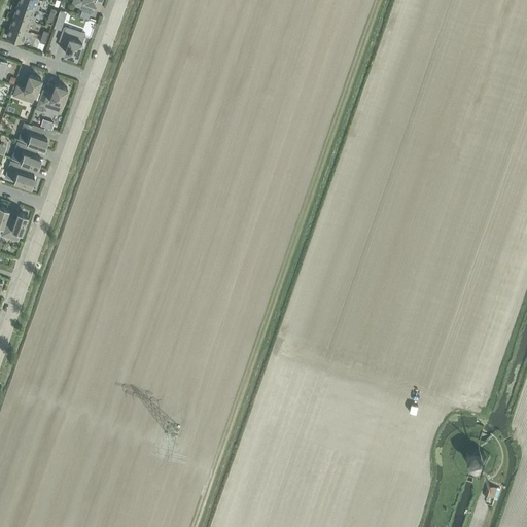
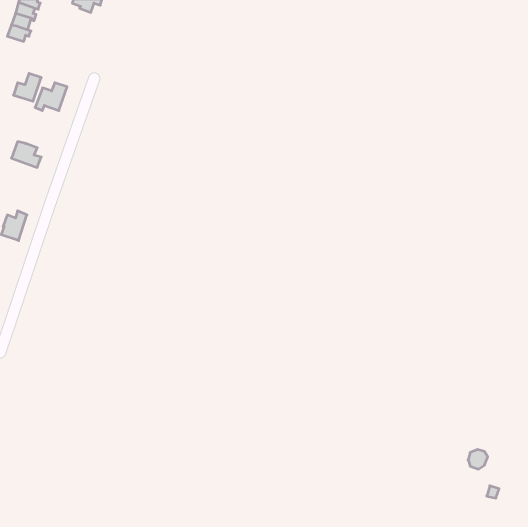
building: [59,25,85,57] -> none
building: [19,121,47,147] -> none
building: [5,160,34,185] -> none

